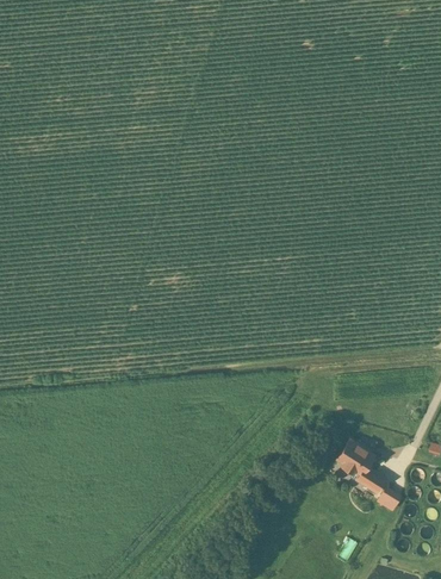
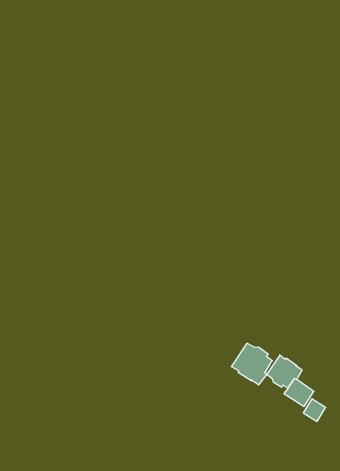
building: none -> [231,343,272,385]

